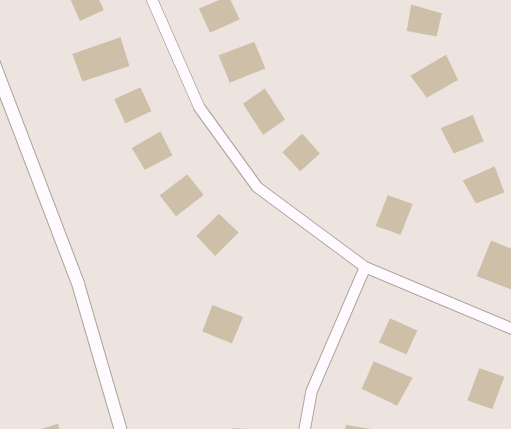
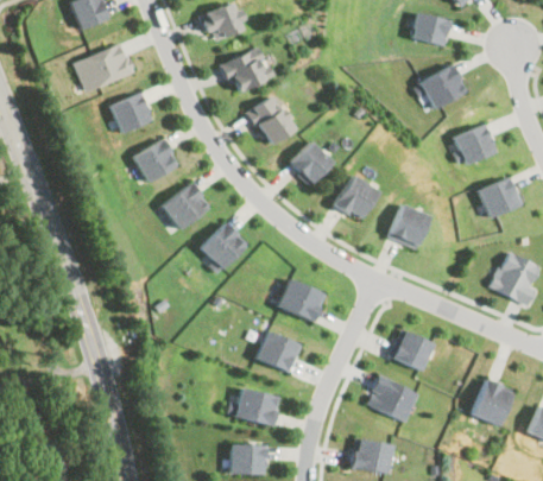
building: none -> [332,176,374,221]
building: none -> [280,278,332,323]
building: [201,304,244,345] -> [254,333,298,374]
building: none -> [233,390,276,426]

